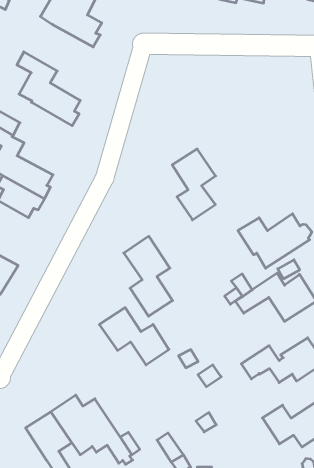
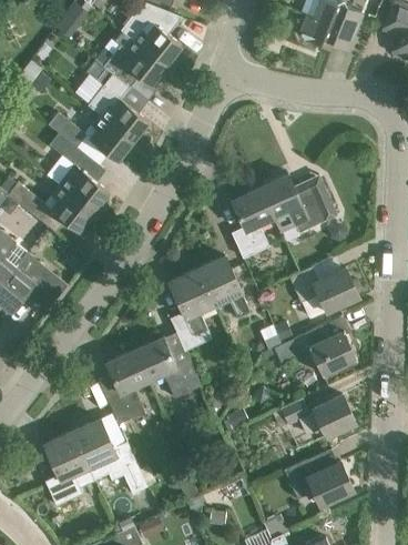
building: none -> [93,40,170,88]
building: none -> [90,115,136,161]
building: none -> [259,174,337,233]
building: none -> [197,256,251,316]
building: none -> [106,351,149,424]

